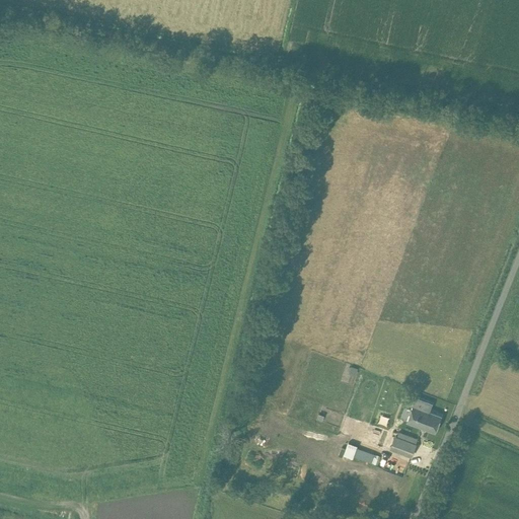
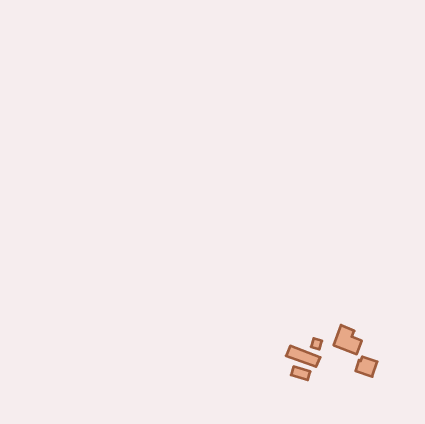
building: [391,433,418,457] -> [356,357,377,377]

